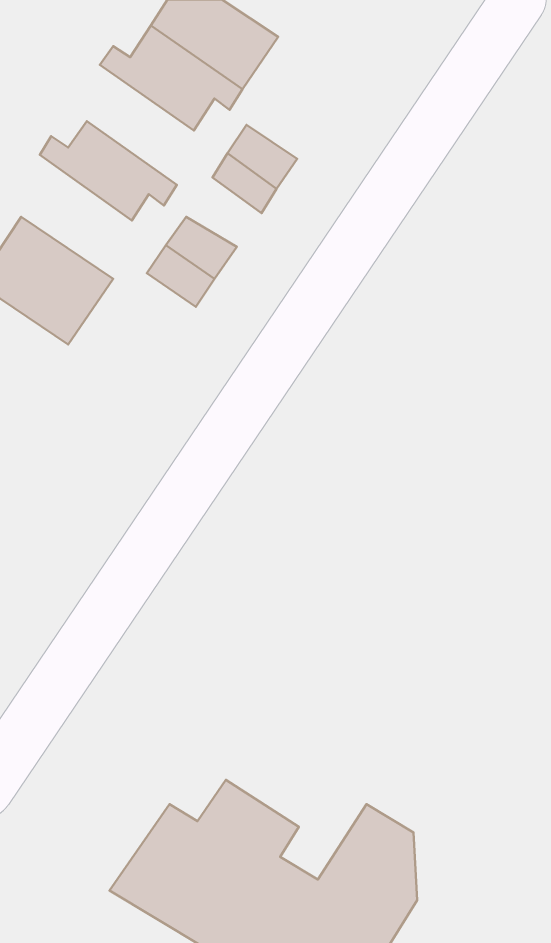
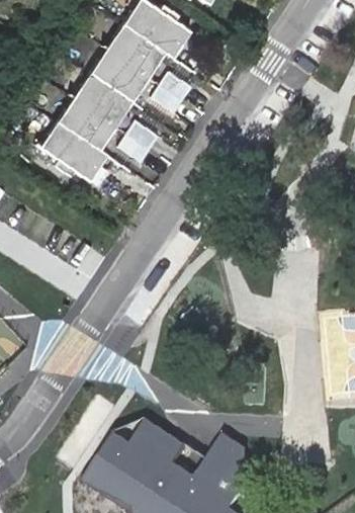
building: none -> [82,38,141,103]
building: none -> [47,87,106,154]

